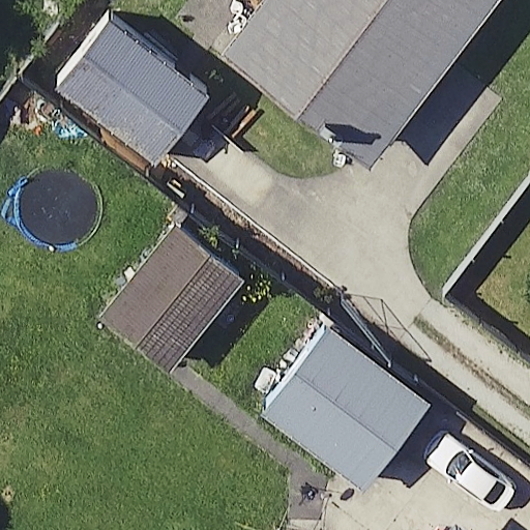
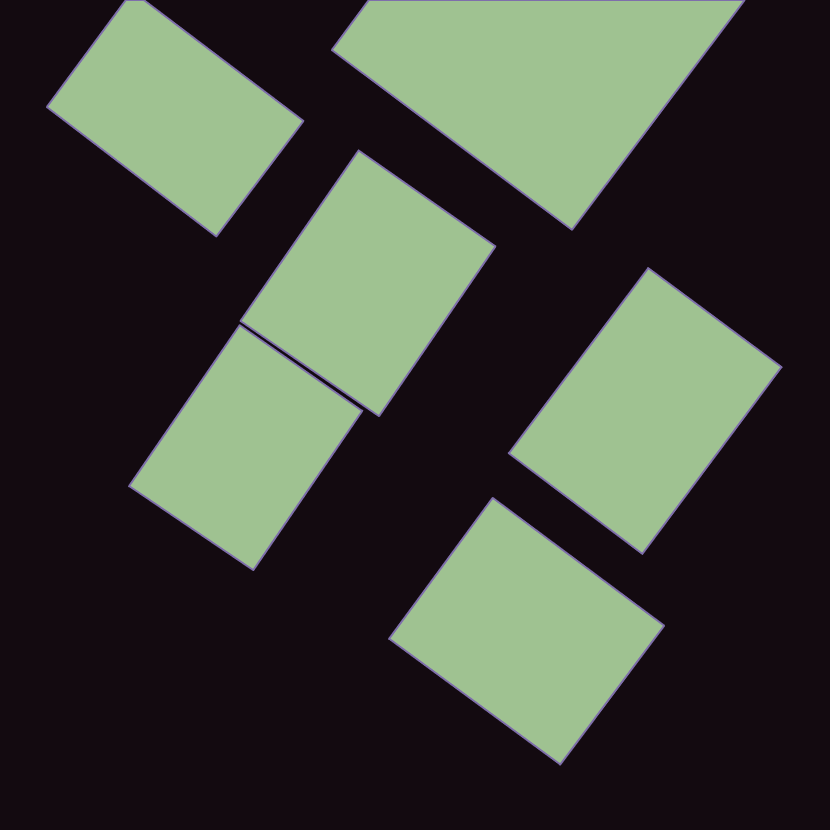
building: none -> [241,150,495,416]
building: none -> [509,268,782,554]

